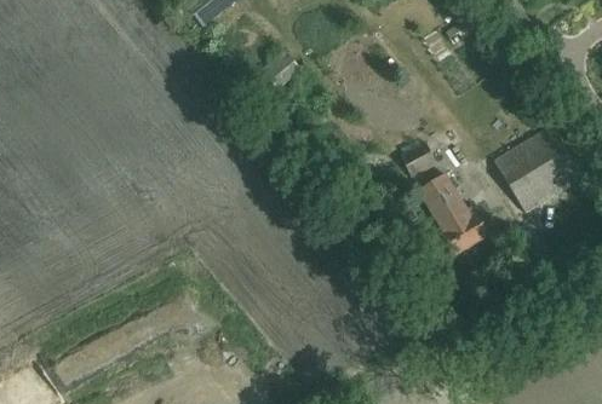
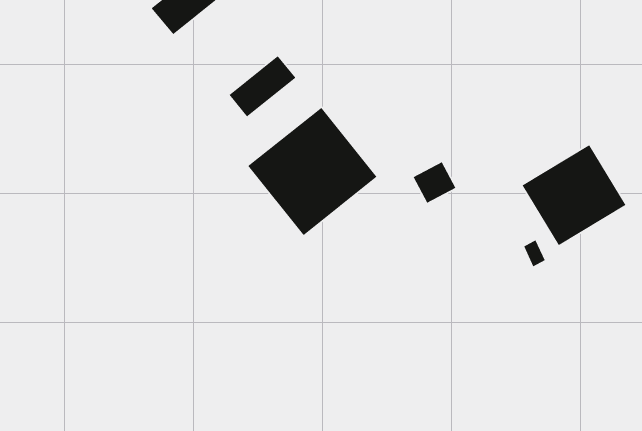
building: none -> [247,107,377,236]
building: [417,173,489,256] -> none

